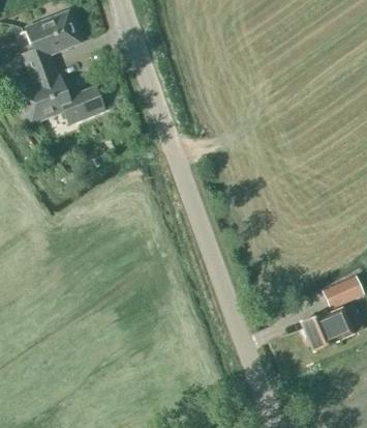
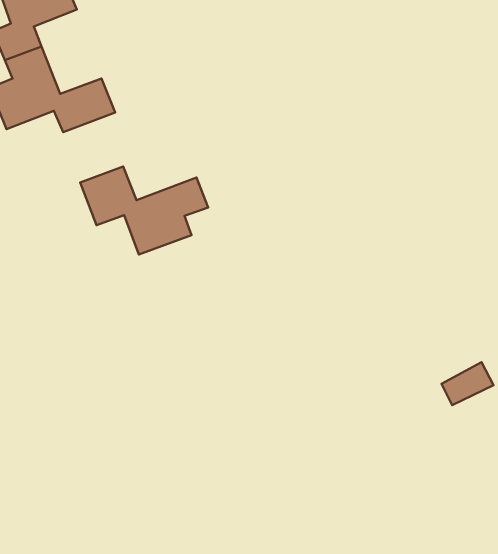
building: none -> [80,167,208,254]
building: [302,307,354,350] -> none

